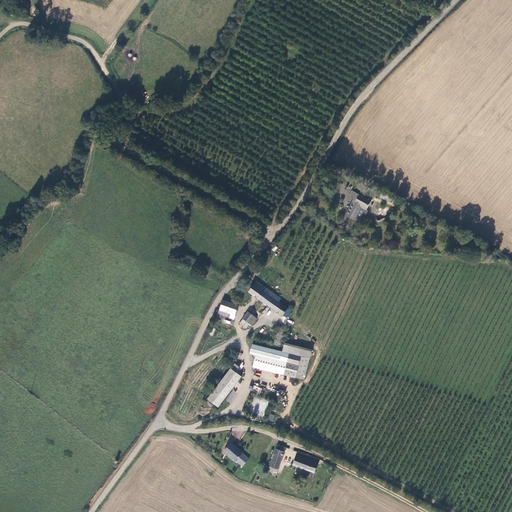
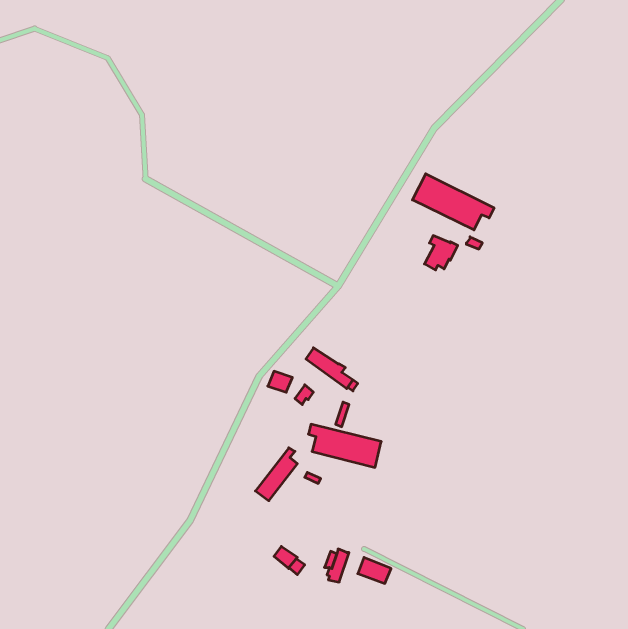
building: none -> [412,174,494,230]

